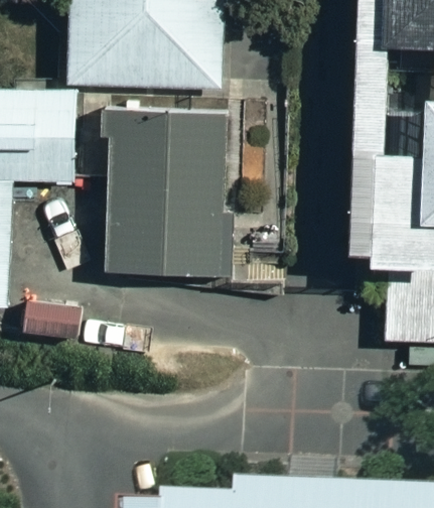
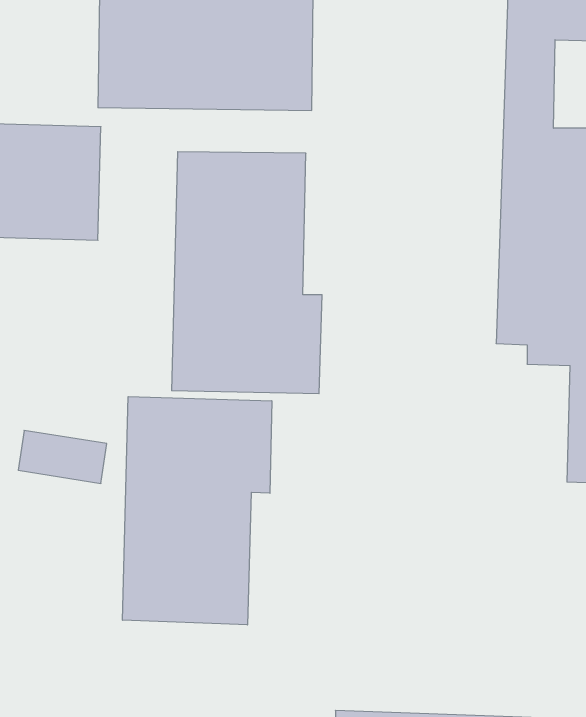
building: none -> [123,397,272,625]

